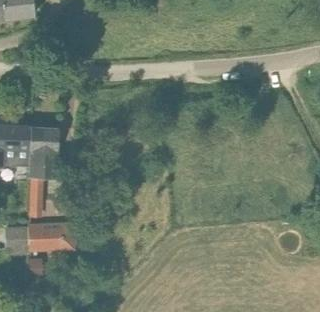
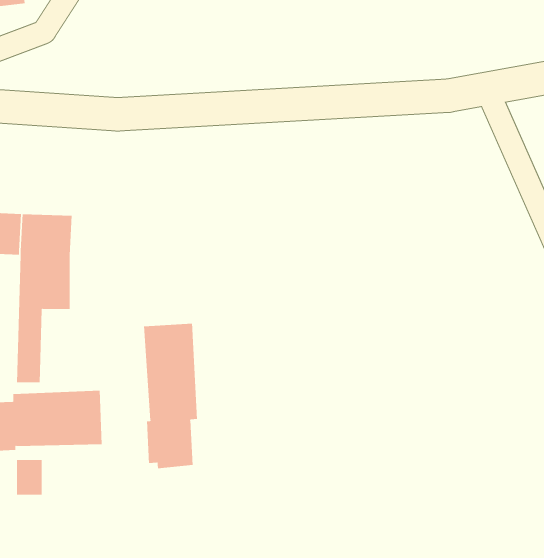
building: none -> [143,323,198,469]

